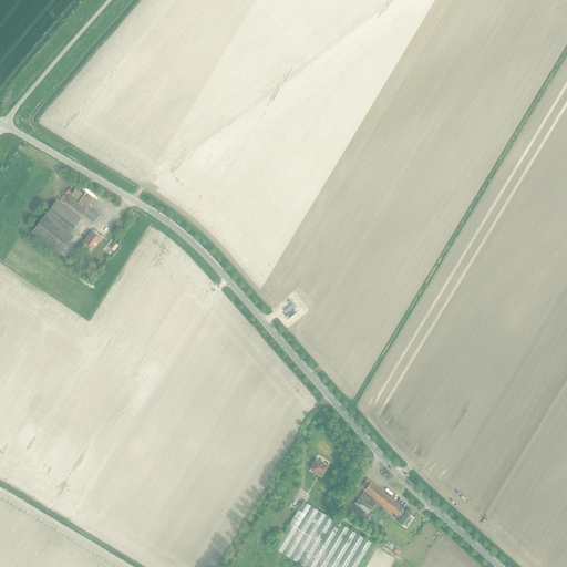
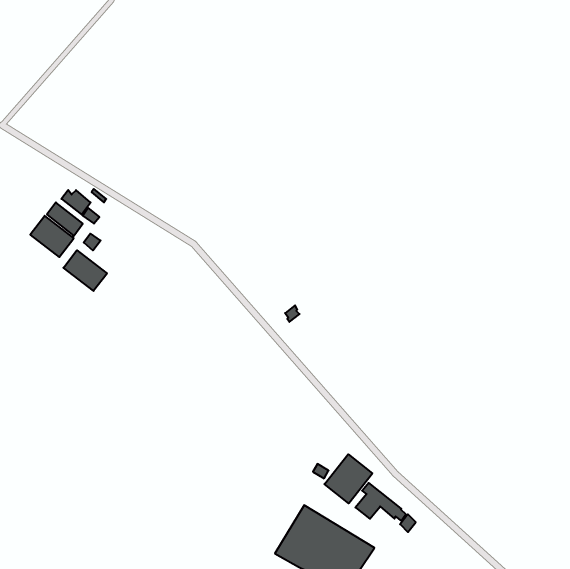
building: none -> [63,250,107,291]
building: none -> [324,454,372,503]

